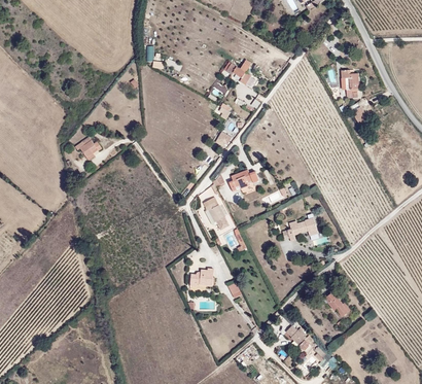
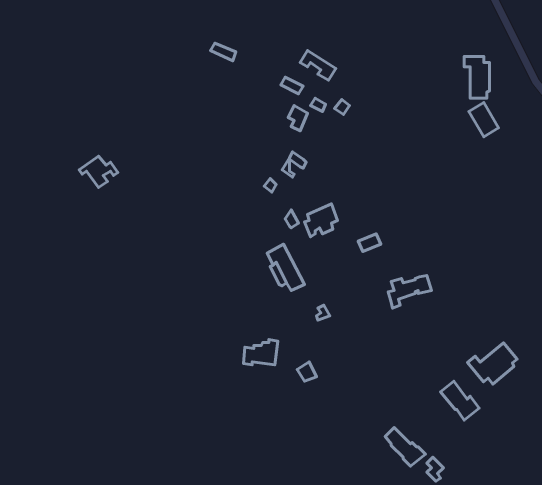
building: none -> [468,343,517,384]

